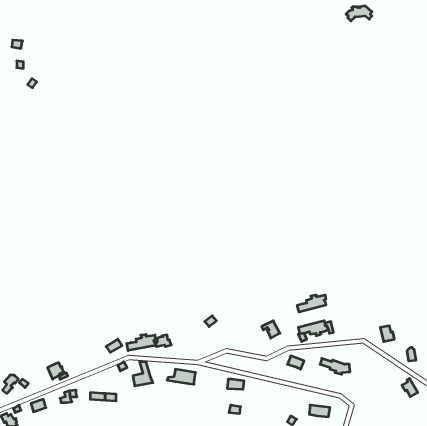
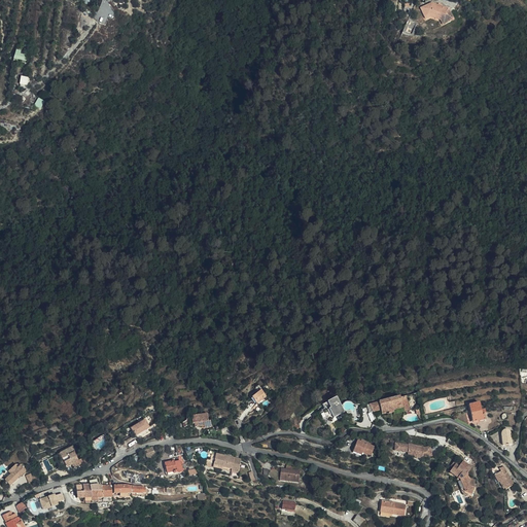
building: [297,295,326,312] -> none
building: [127,334,155,351] -> none
building: none -> [449,462,476,494]

